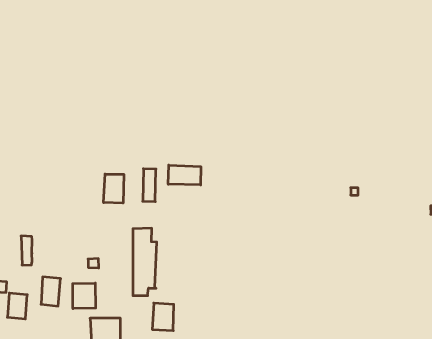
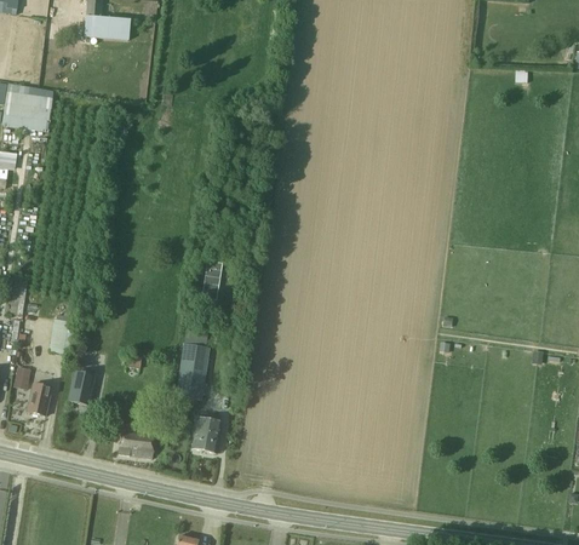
building: [168,165,201,185] -> none
building: [104,174,124,203] -> none
building: [73,283,96,309] -> none

